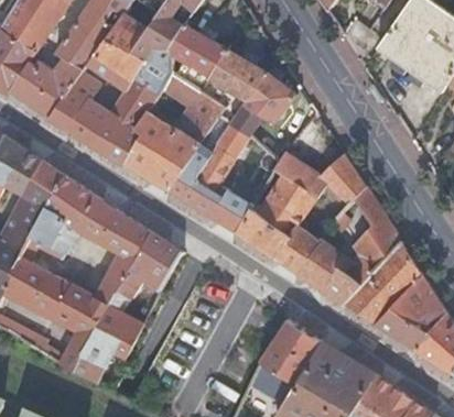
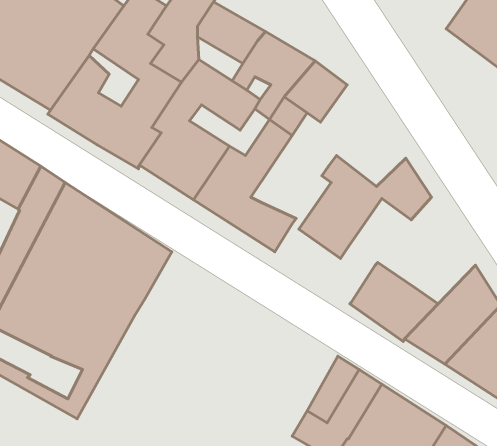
building: [325,186,400,274] -> none
building: [235,208,317,273] -> none
building: [128,231,181,288] -> none
building: [72,284,151,381] -> none

